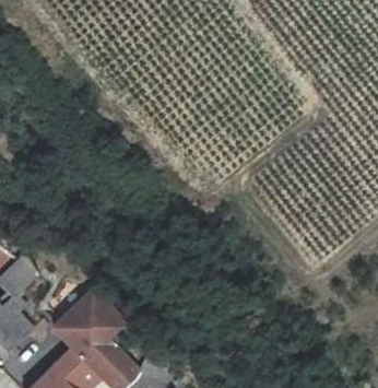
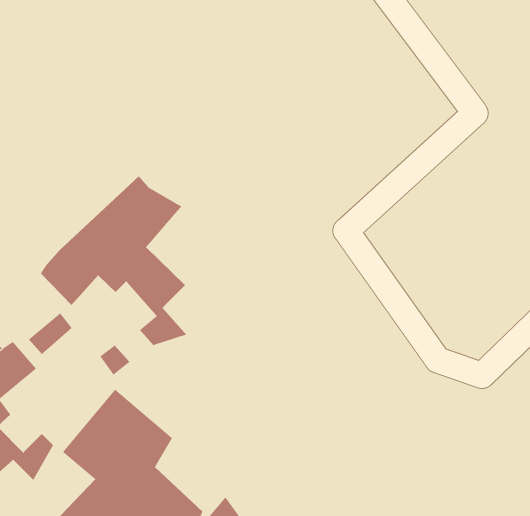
building: none -> [40,175,187,346]

